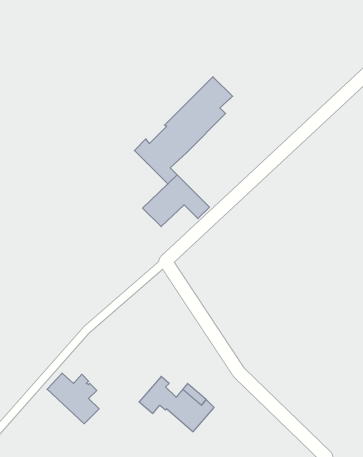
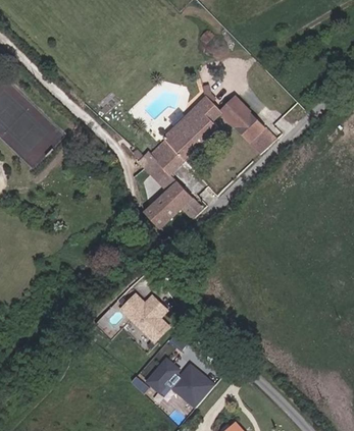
building: none -> [221,97,276,153]
building: [47,373,99,424] -> [116,295,162,340]

